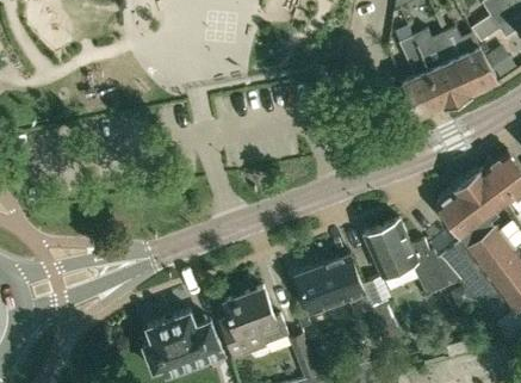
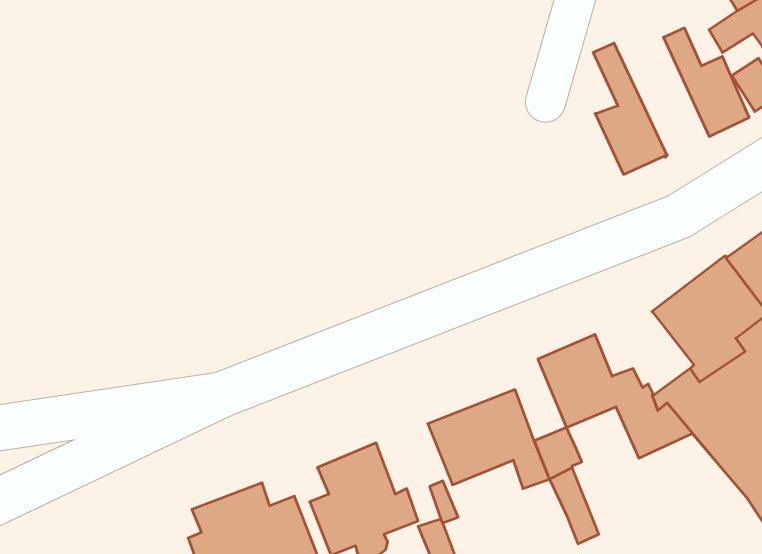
building: [411,29,471,106] -> none

